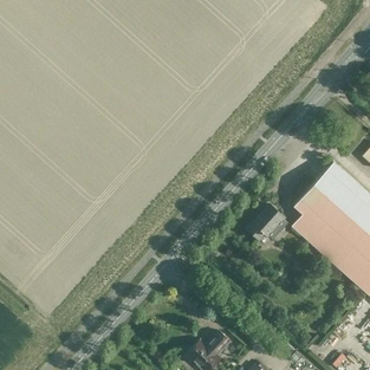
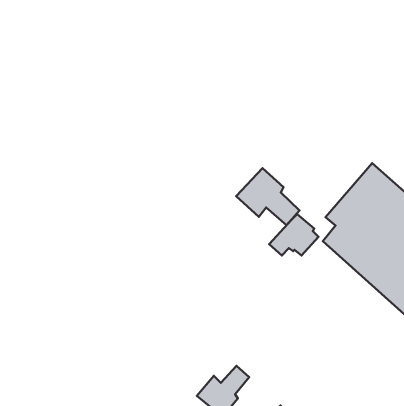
building: none -> [236,168,300,225]

